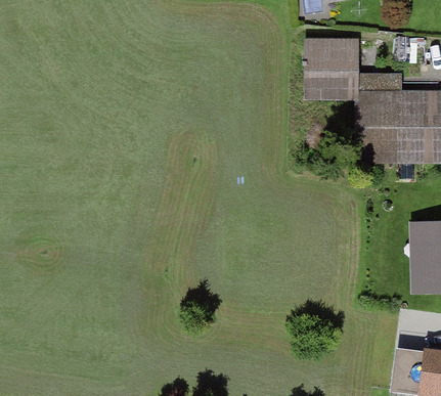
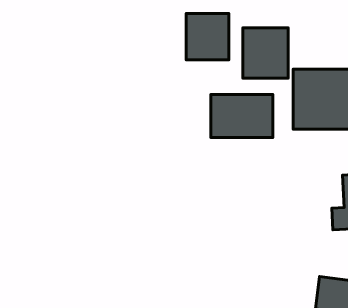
building: none -> [186,13,229,60]
building: none -> [211,95,273,138]

